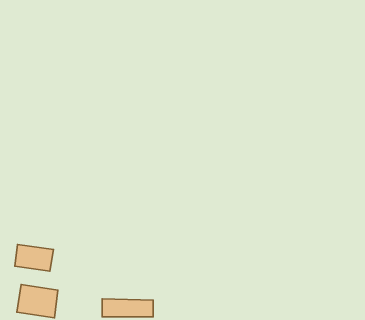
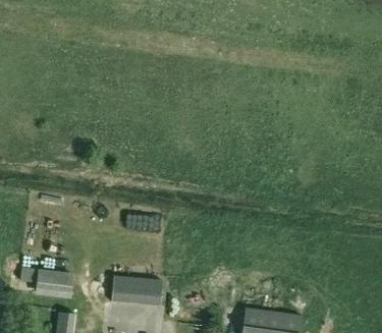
building: [15,244,54,271] -> none

